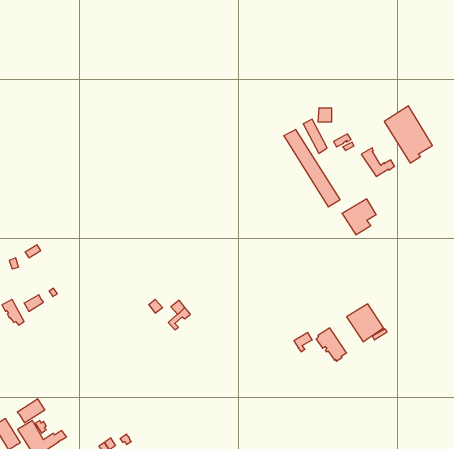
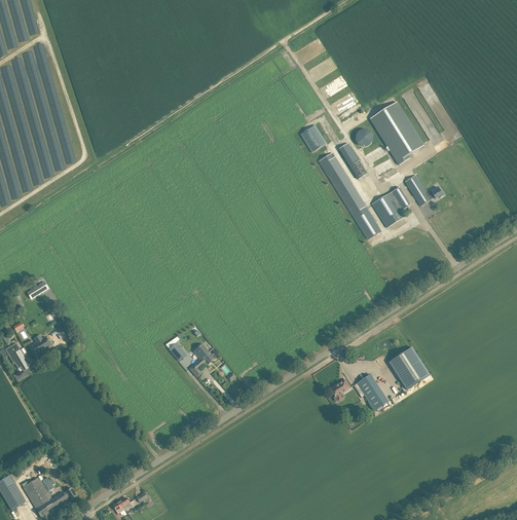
building: none -> [299,123,325,151]
building: [384,106,432,163] -> [369,100,422,163]
building: [342,199,376,235] -> [371,186,409,226]
building: [17,399,45,423] -> none

